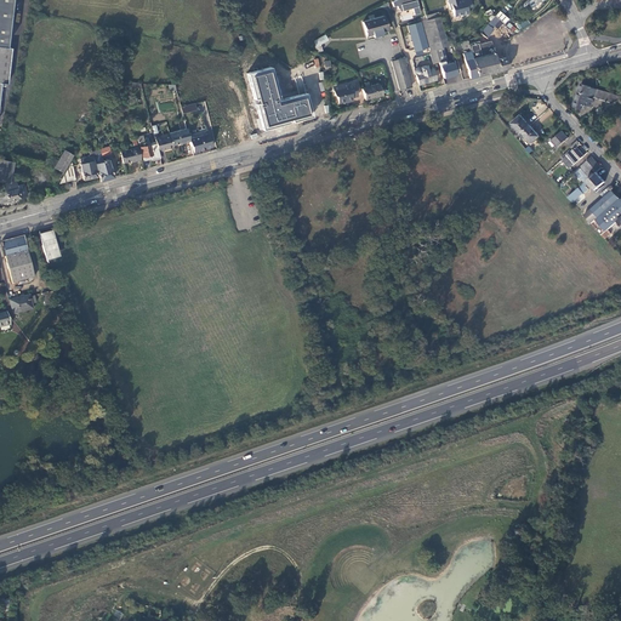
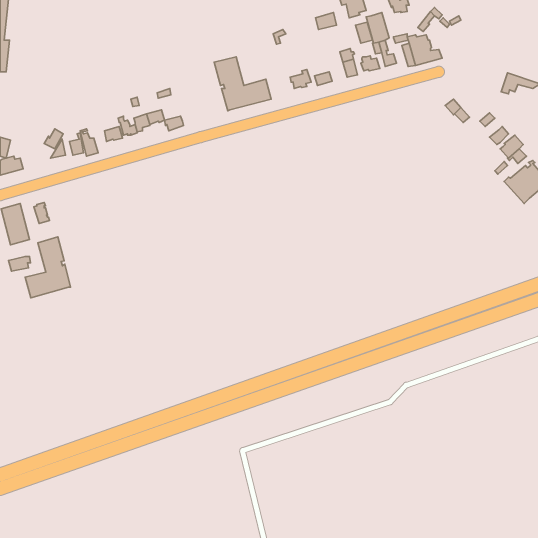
building: none -> [25,237,71,298]

